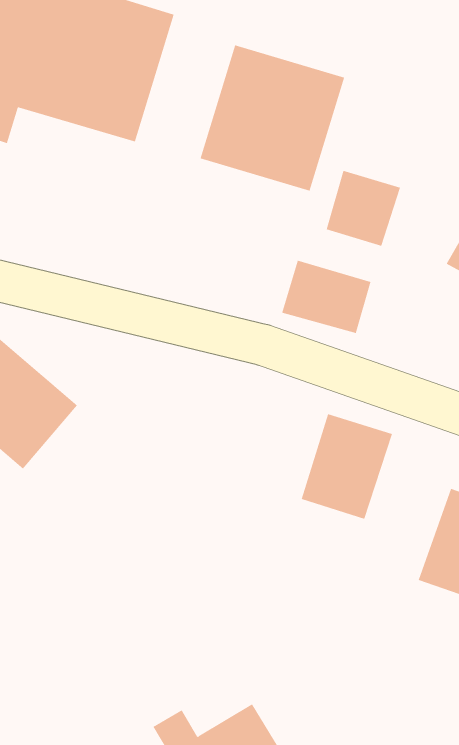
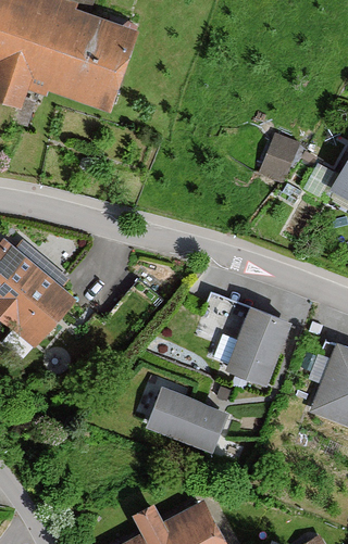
building: [200,45,345,191] -> none
building: [282,260,371,334] -> none
building: none -> [141,385,233,455]

